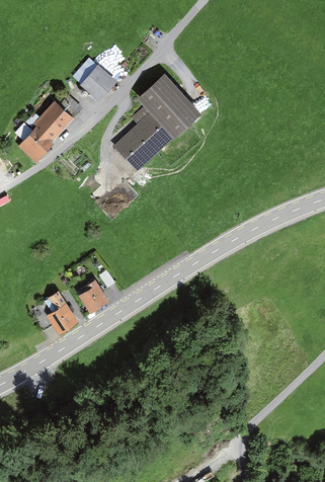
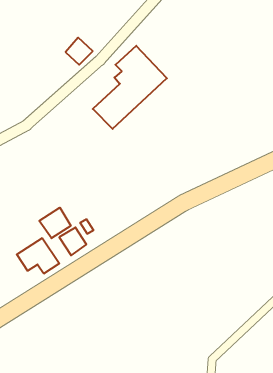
building: [20,93,81,159] -> none
building: none -> [39,208,71,238]

